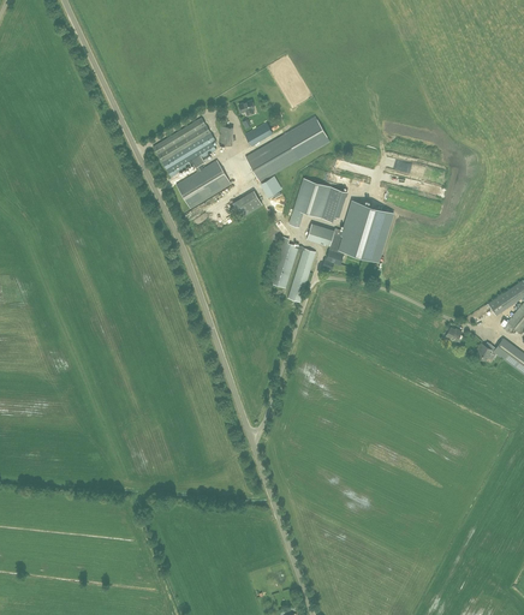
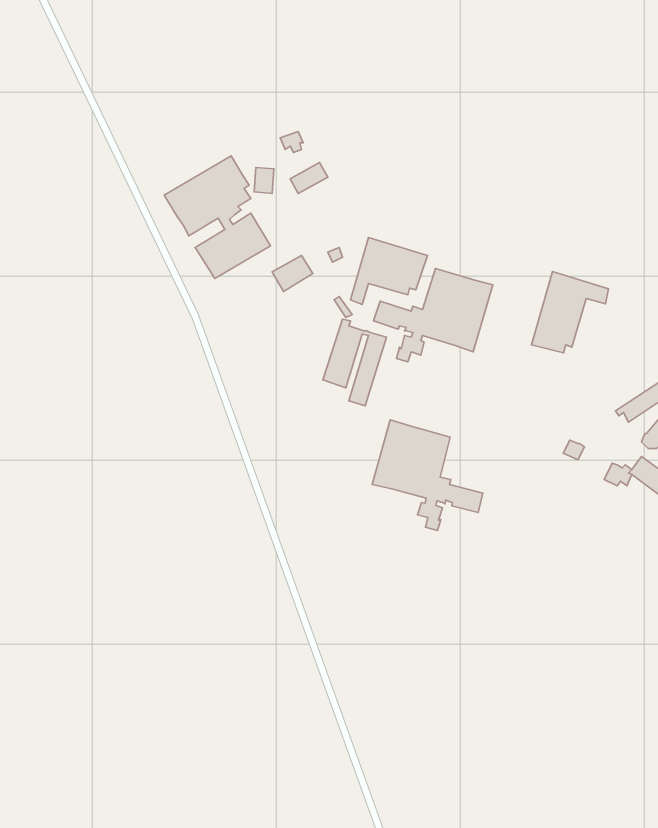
building: [245,117,331,181] -> none
building: none -> [532,272,608,353]
building: none -> [372,420,483,531]

